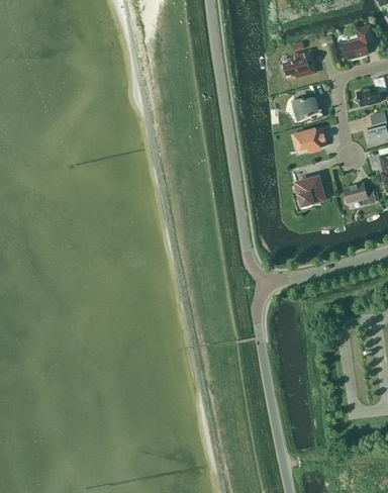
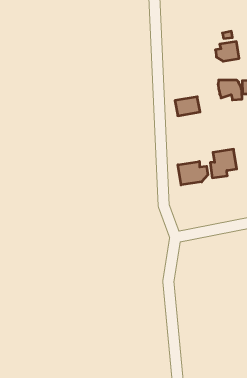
building: [296,127,326,152] -> [175,97,200,116]
building: none -> [178,161,208,185]

